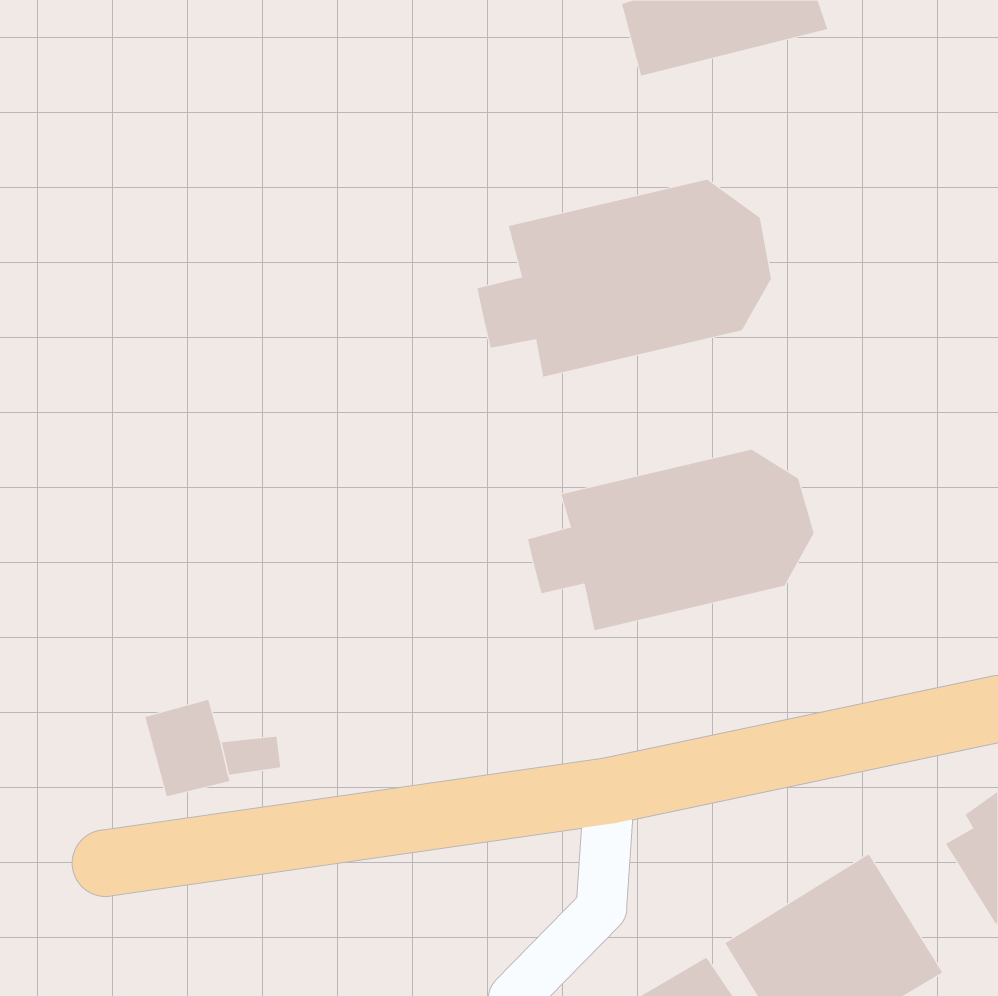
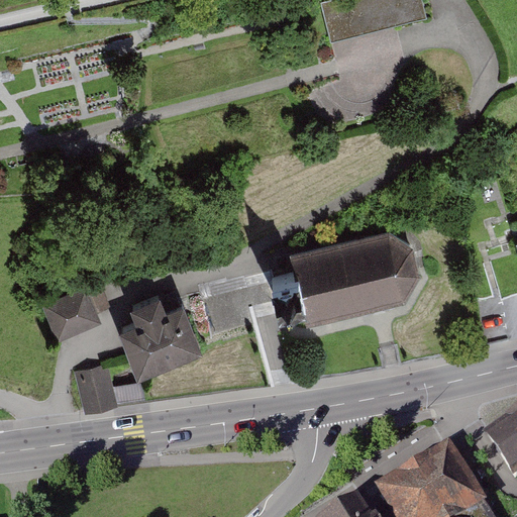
building: [477,179,772,377] -> none
building: none -> [42,284,102,338]
building: none -> [117,297,201,378]

